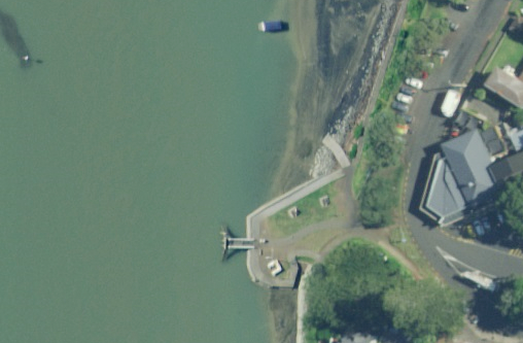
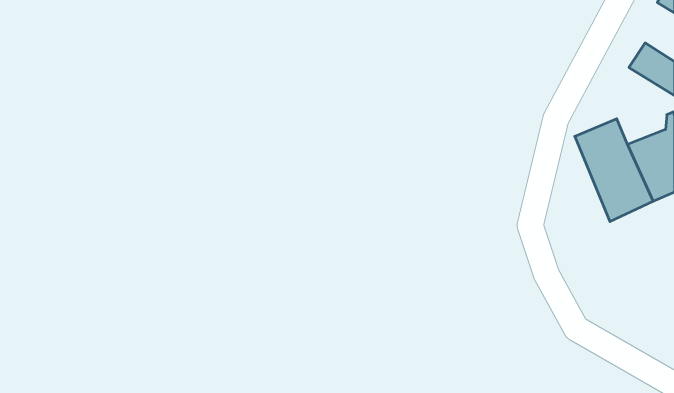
building: [420,141,468,215] -> none

